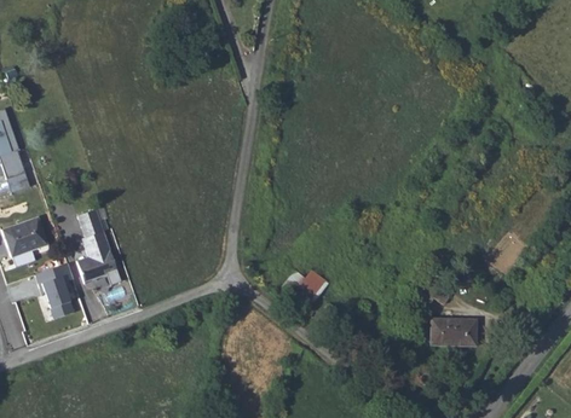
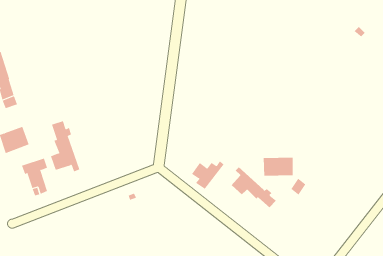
building: none -> [231,167,277,208]
building: [442,319,486,347] -> [263,157,294,176]

